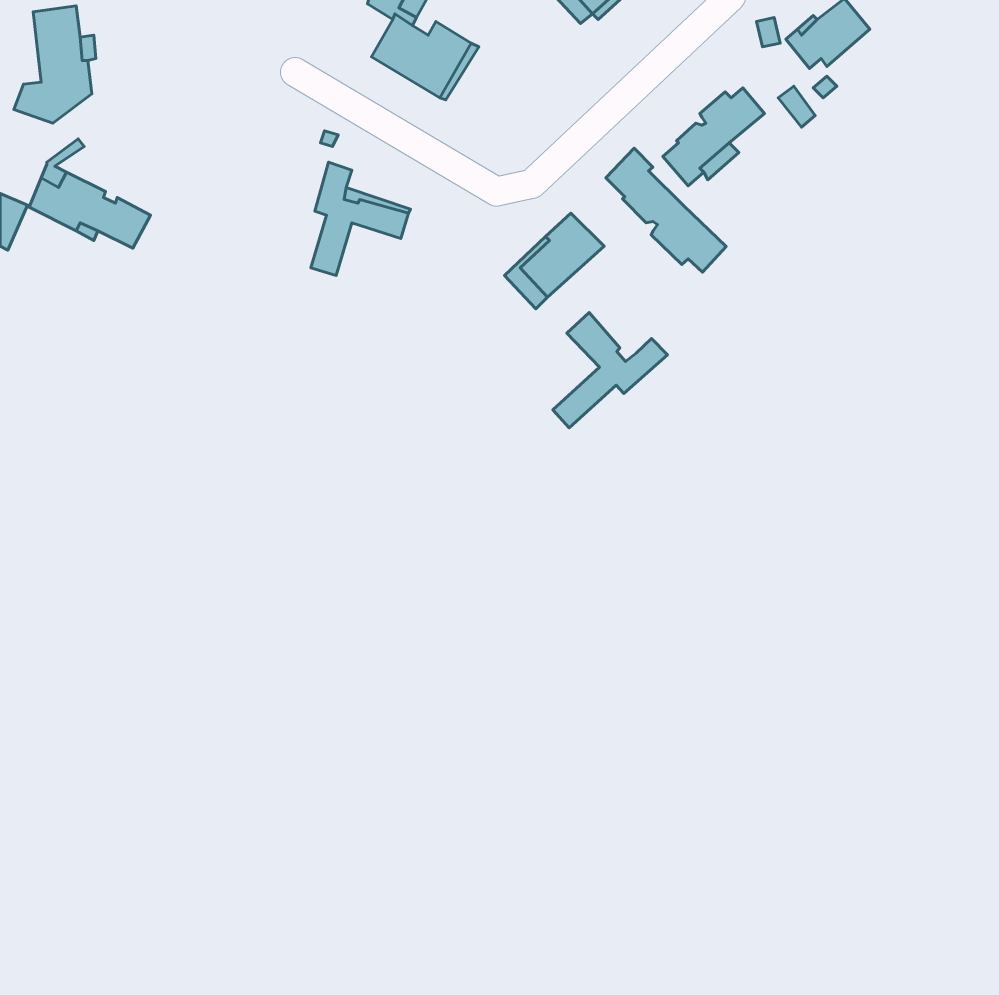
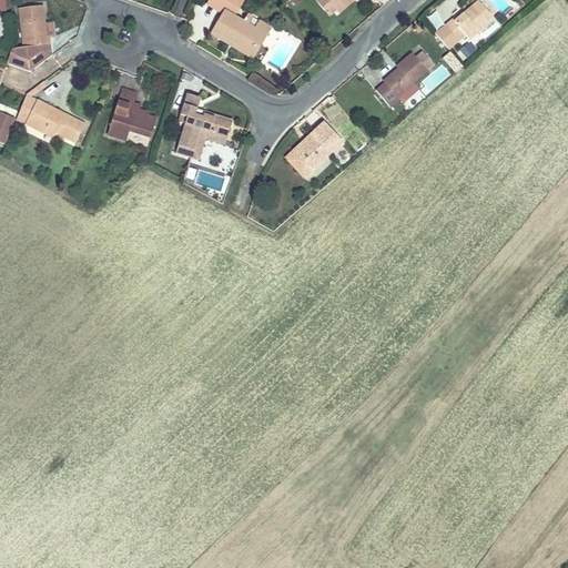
building: [606,148,726,272] -> none
building: none -> [108,87,156,139]
building: none -> [191,126,227,159]
building: [553,312,668,428] -> none

